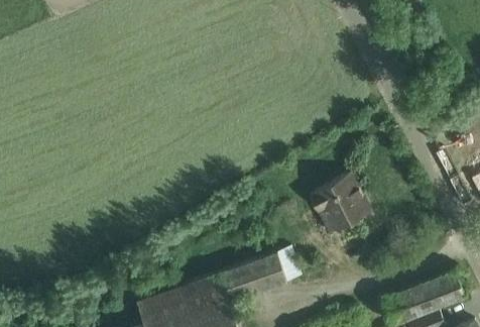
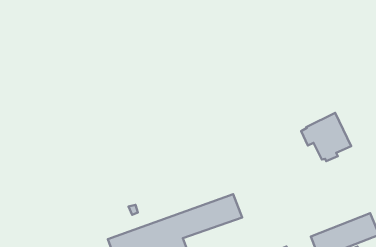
building: [310,173,370,231] -> [301,113,351,161]

